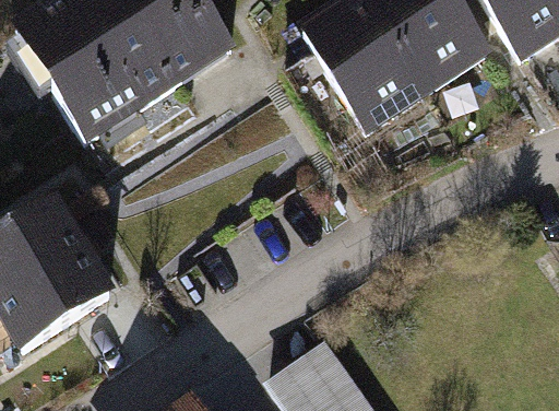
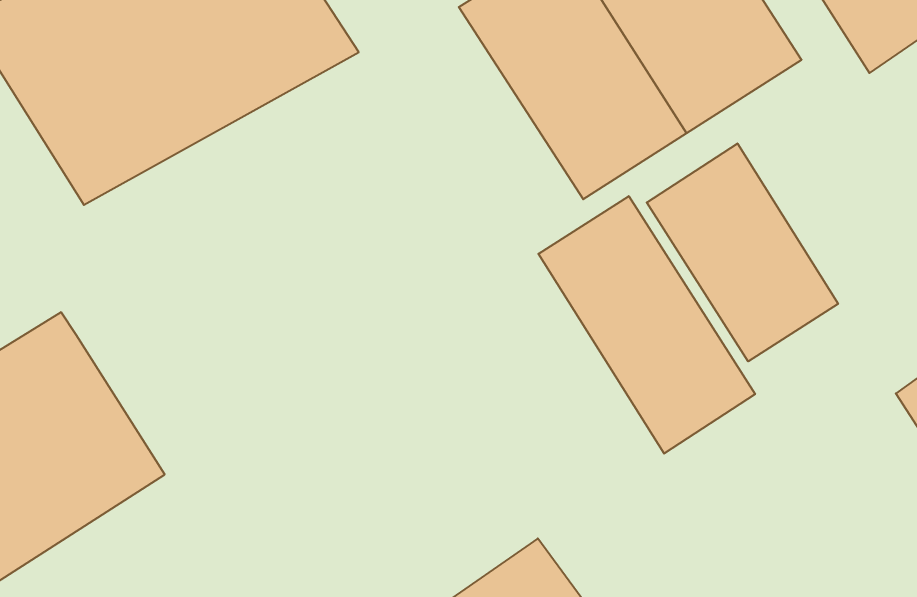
building: none -> [647,143,838,361]
building: none -> [538,196,755,454]

